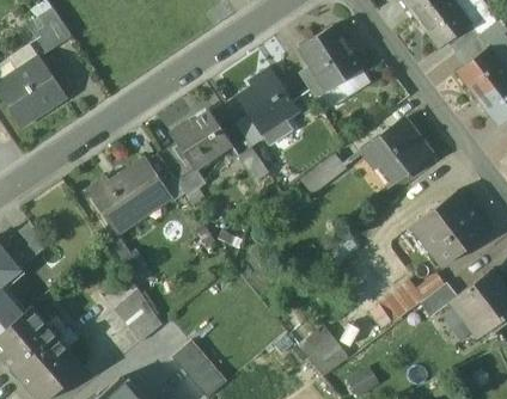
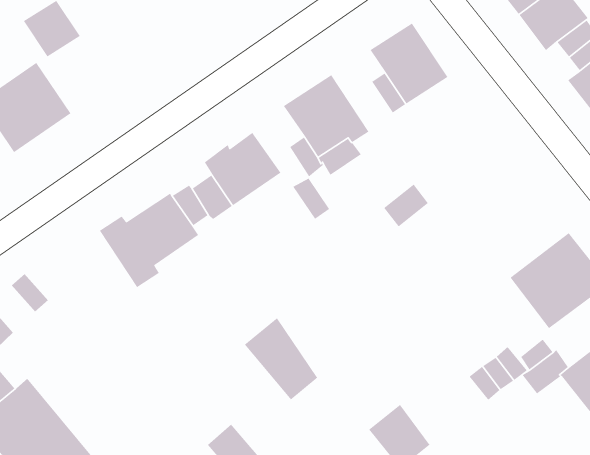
building: [362,119,429,185] -> none
building: [103,277,161,343] -> [244,317,318,401]

